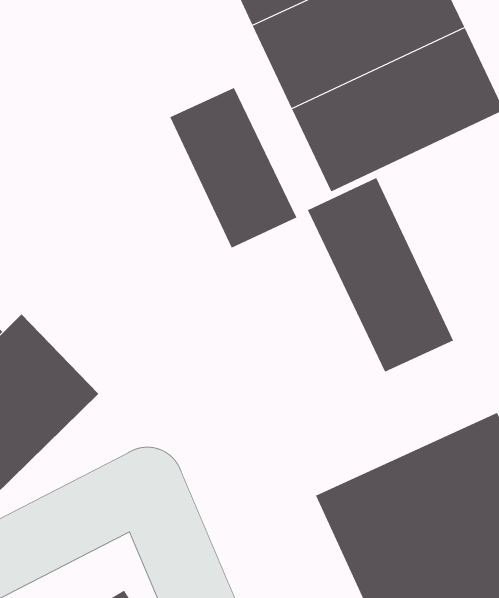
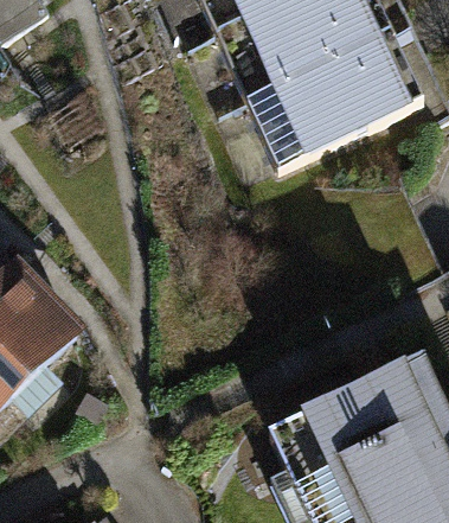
building: [170,87,297,248] -> none
building: [307,177,454,372] -> none

